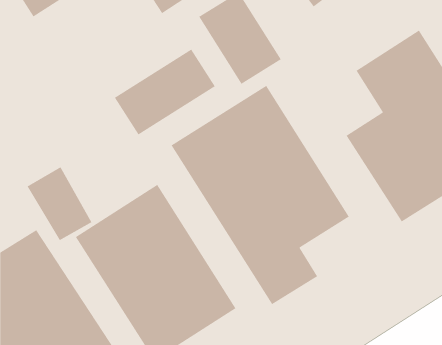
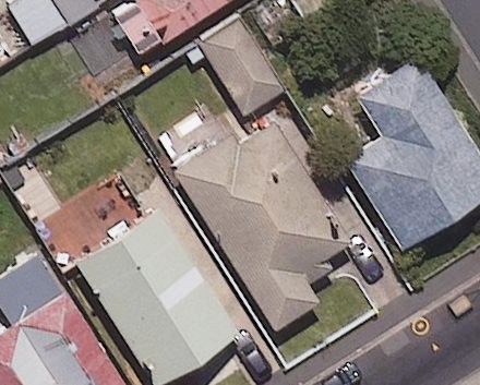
building: [114,48,216,135] -> none

